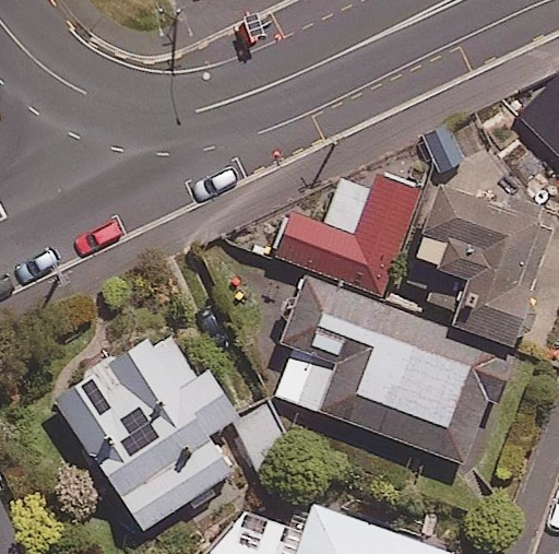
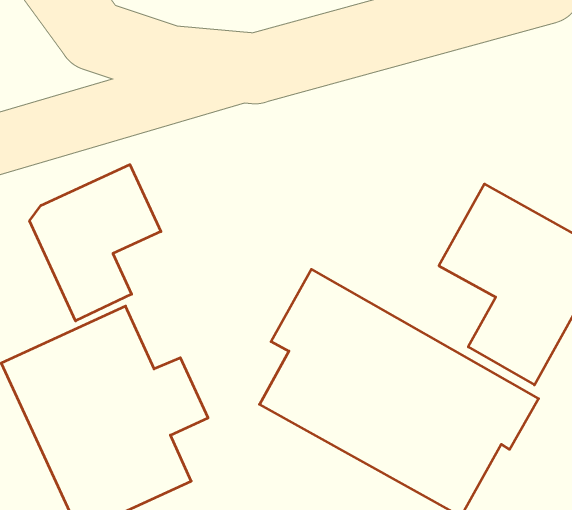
building: [275,174,423,298] -> none
building: none -> [30,165,161,321]

